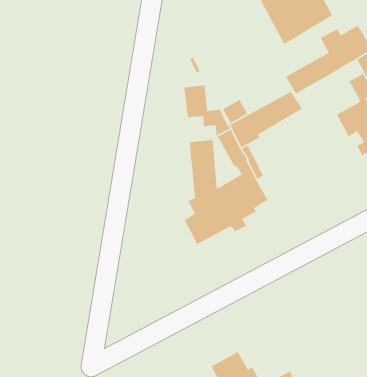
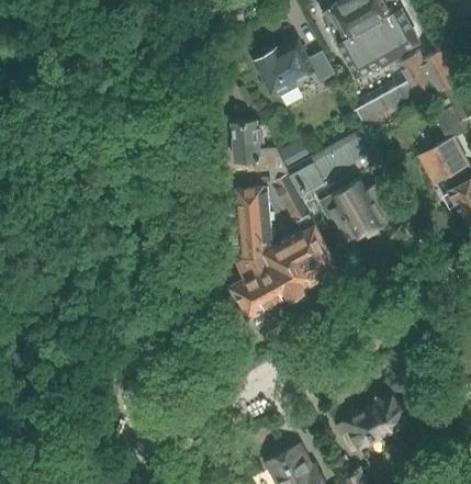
building: none -> [253,41,337,97]
building: none -> [317,179,391,240]
building: none -> [336,395,407,452]

